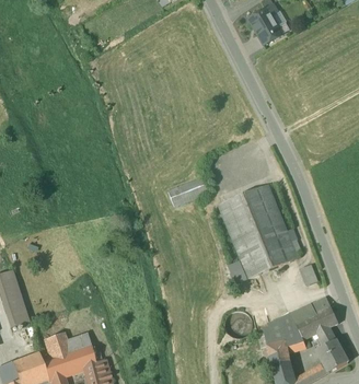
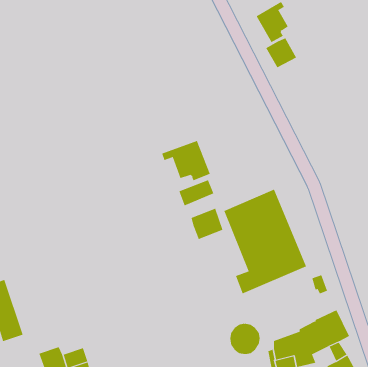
building: none -> [266,38,297,68]
building: none -> [162,140,210,181]
building: none -> [191,208,223,240]

